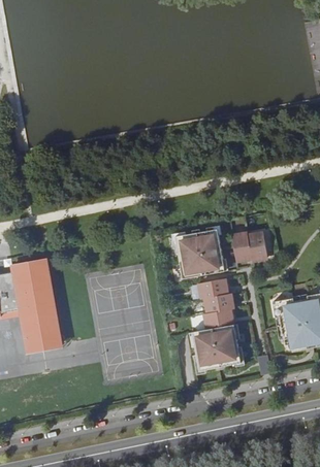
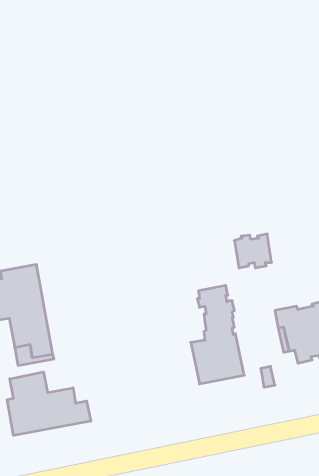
building: [175,228,225,277] -> none
building: none -> [7,372,91,435]

